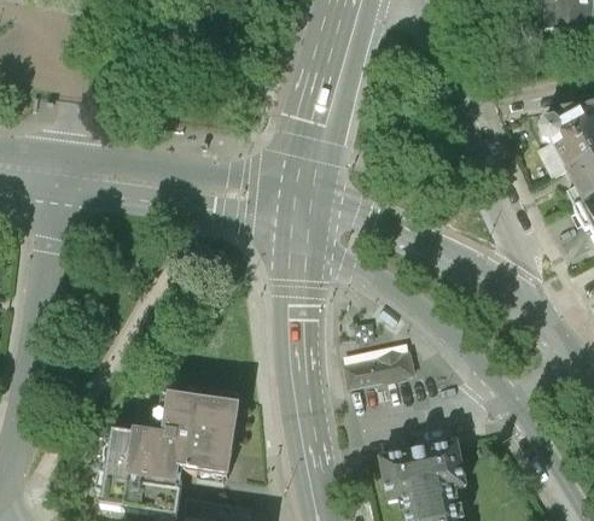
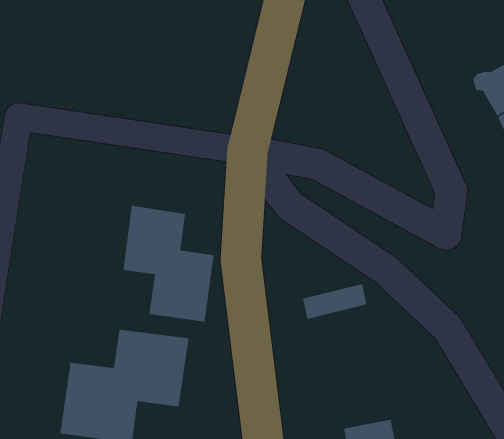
building: none -> [122,205,215,323]
building: [379,440,466,498] -> none

